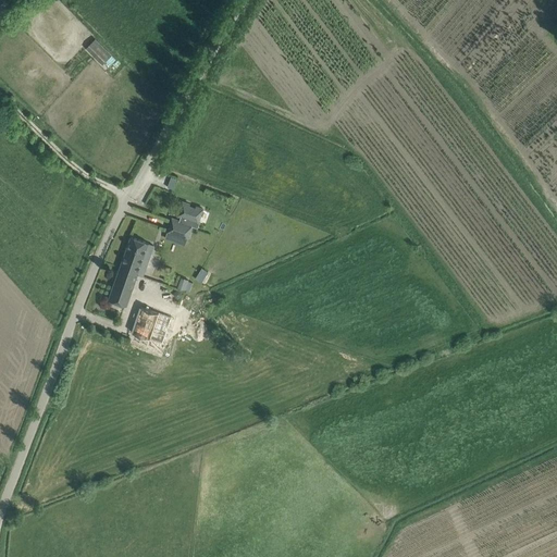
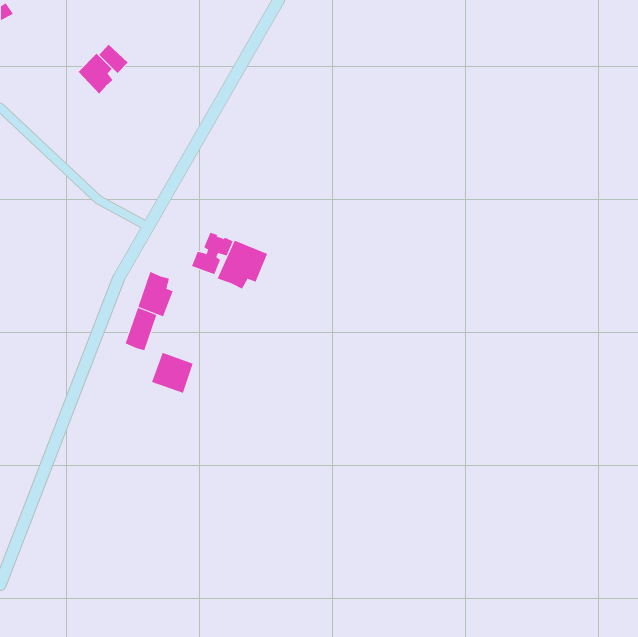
building: none -> [78,53,113,94]
building: none -> [217,240,268,289]

